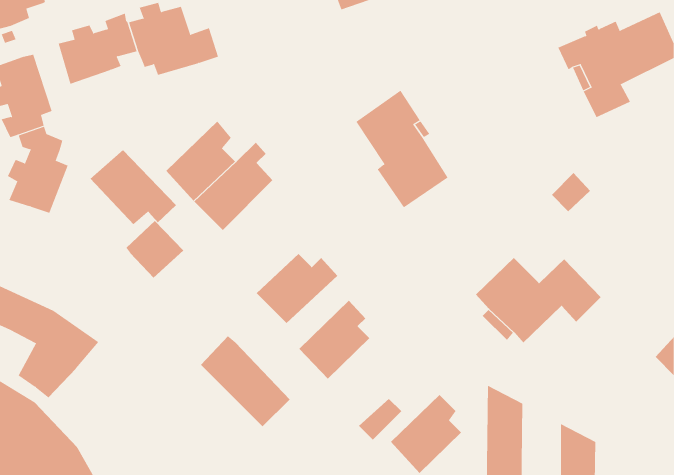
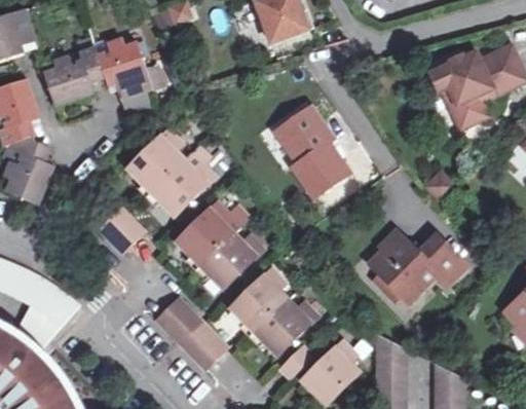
building: [89,149,177,225] -> none
building: none -> [177,202,231,264]
building: none -> [254,299,315,354]

